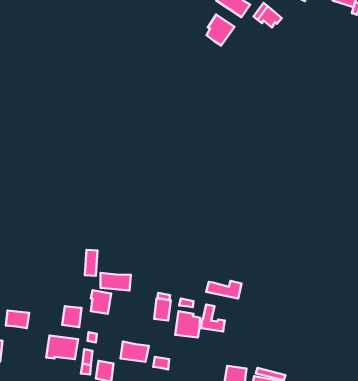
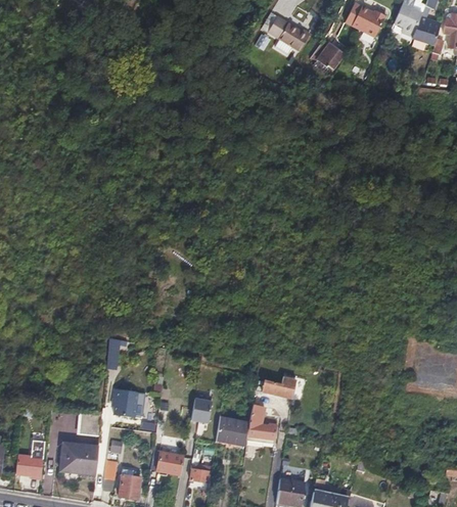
building: [206,14,235,45] -> none
building: [101,273,131,290] -> none
building: [6,310,29,328] -> [15,455,44,476]

